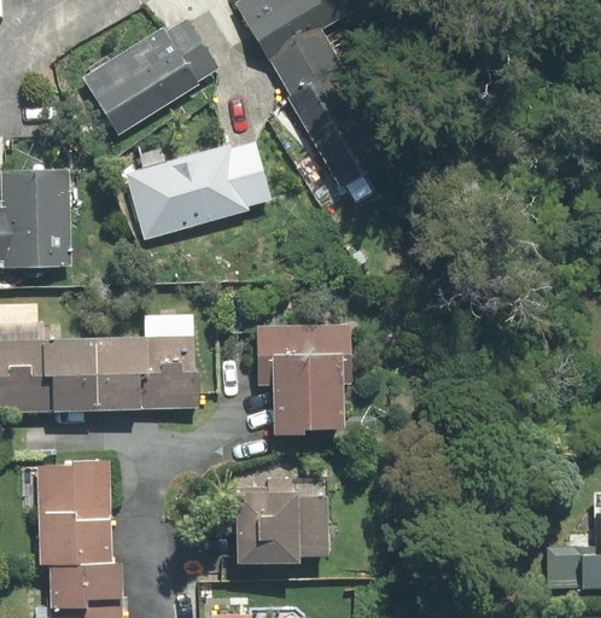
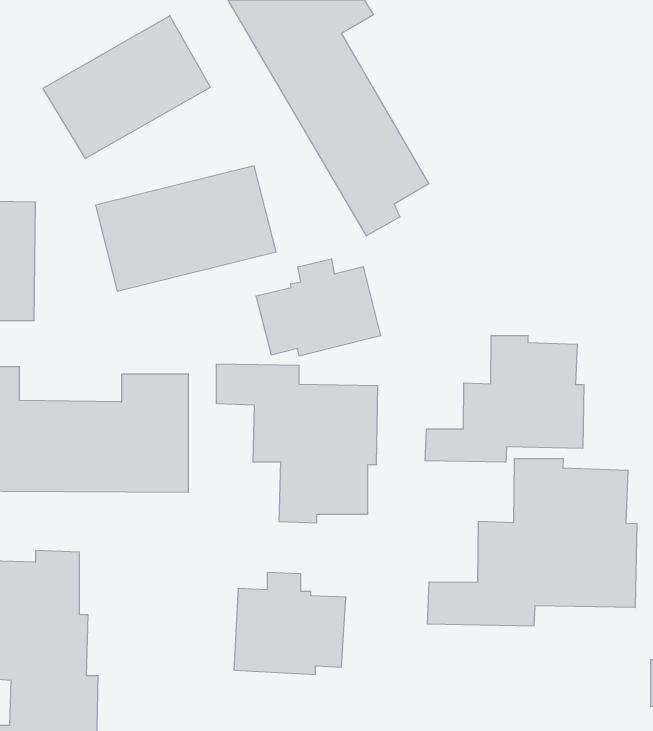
building: none -> [256,259,380,356]
building: none -> [425,335,584,462]
building: none -> [428,458,637,626]

